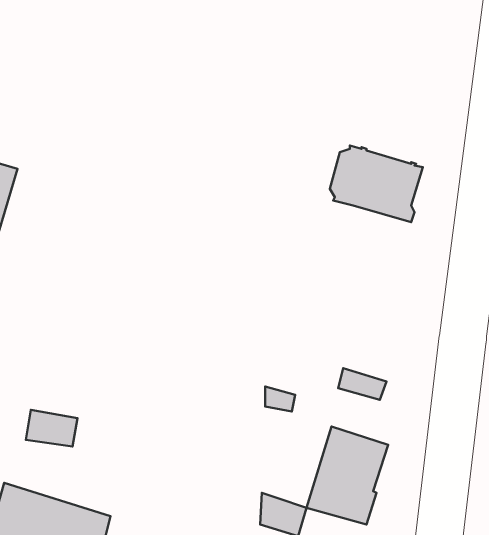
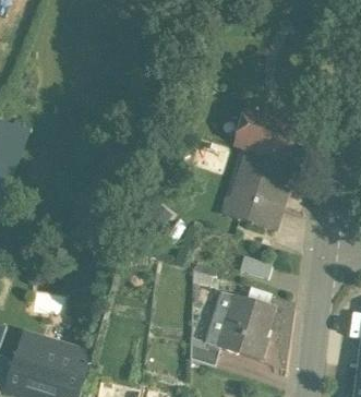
building: none -> [236,149,289,230]
building: none -> [201,289,237,348]

